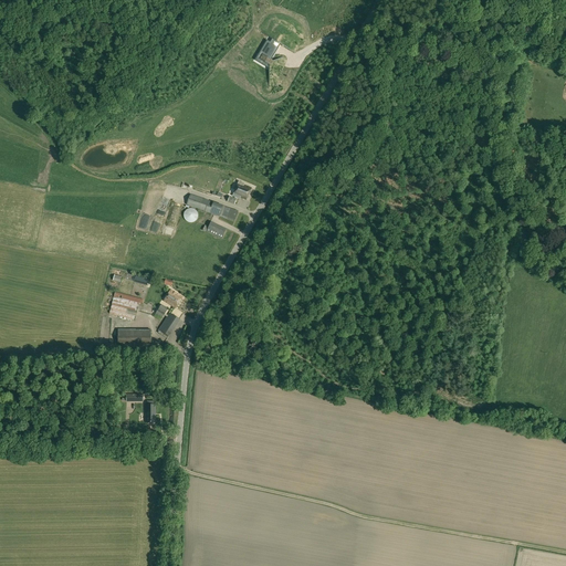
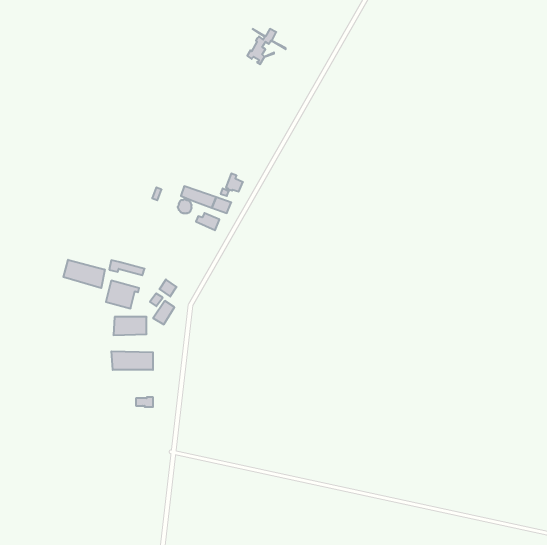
building: none -> [63,260,105,288]
building: none -> [111,351,153,370]

